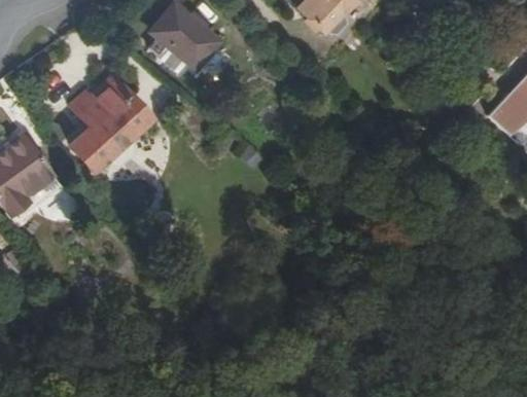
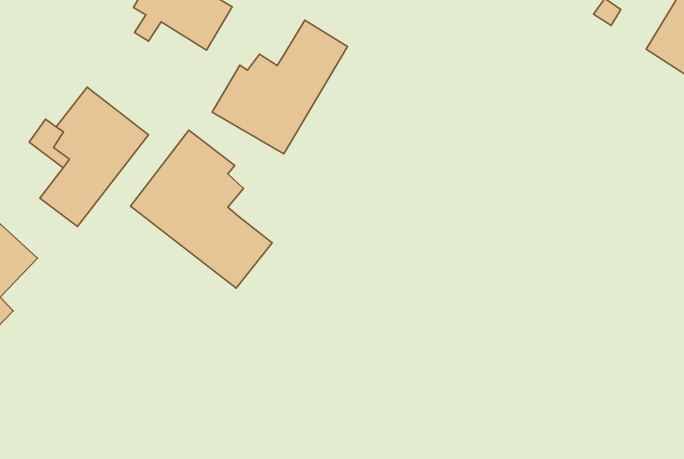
building: none -> [212,20,348,154]
building: none -> [130,130,272,288]

